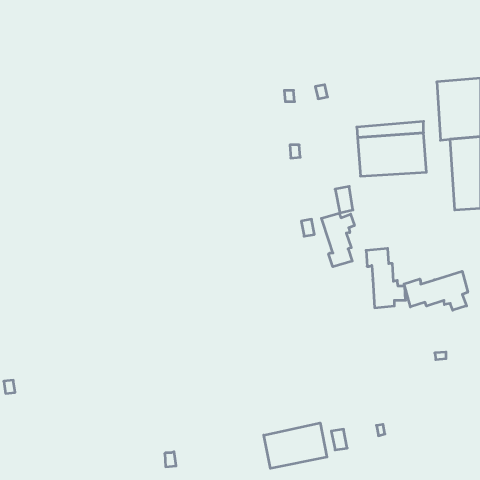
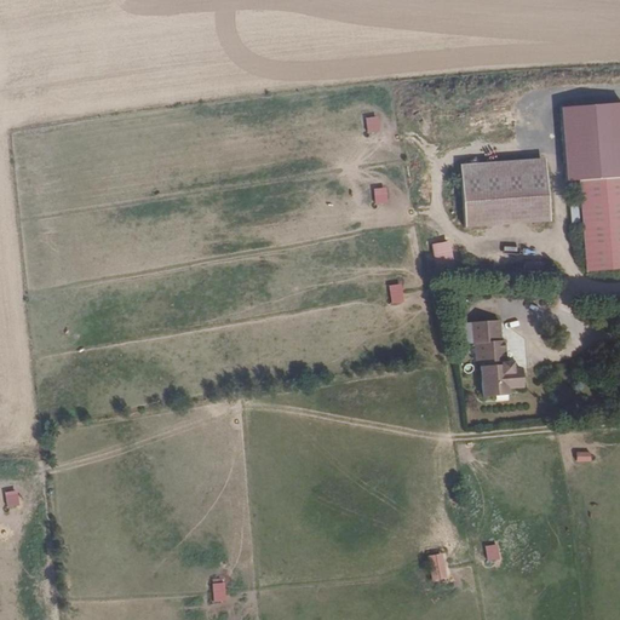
building: [321,213,354,267] -> none
building: [404,271,468,310] -> none
building: [264,423,327,468] -> none

